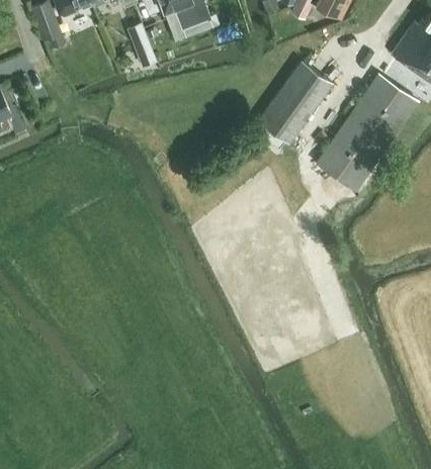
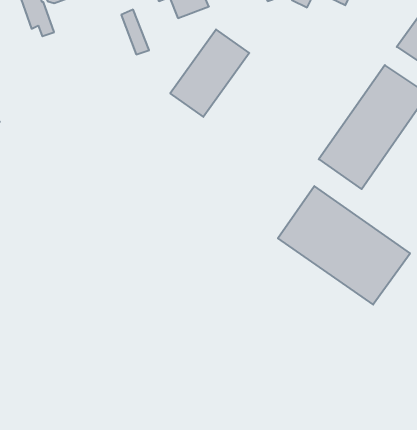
building: [258,62,333,145] -> [170,29,249,117]
building: none -> [278,186,410,305]

